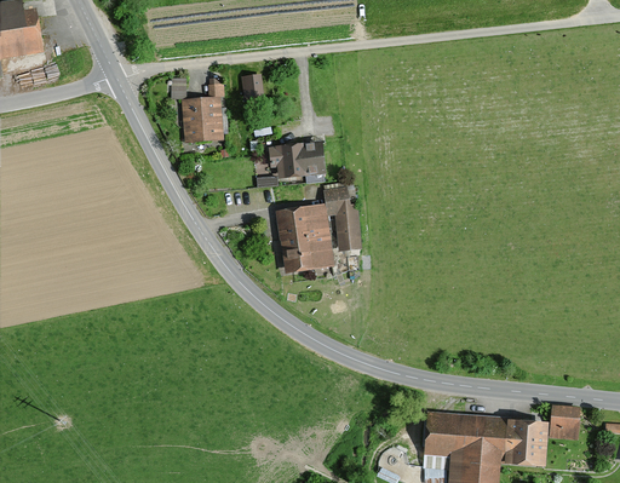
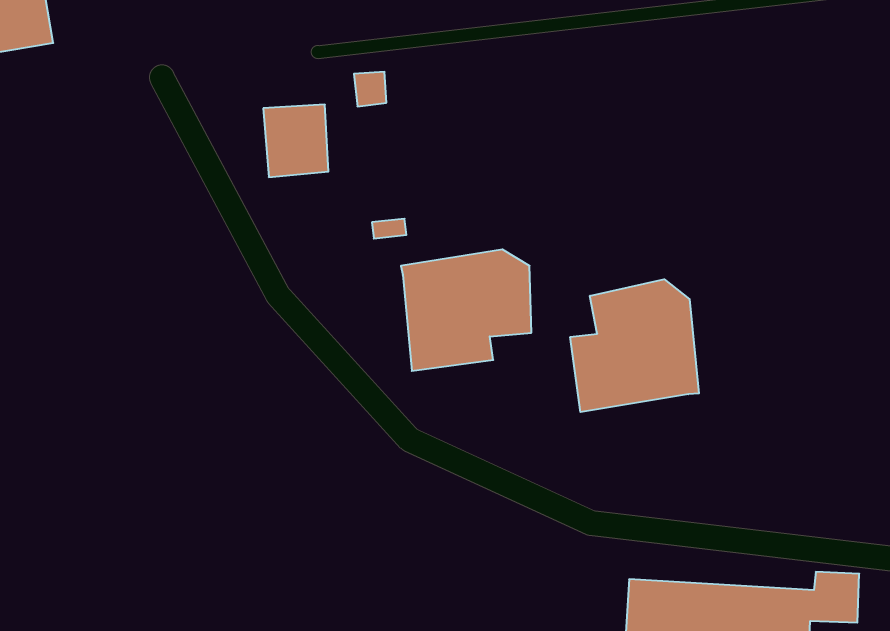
building: [269,137,327,180] -> none
building: none -> [570,279,699,412]

